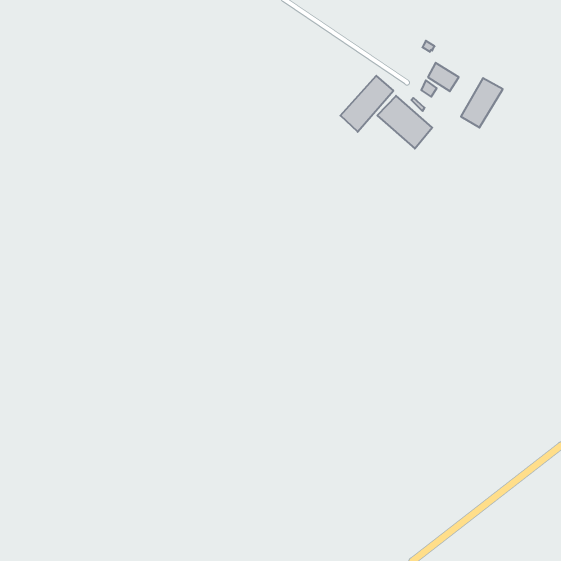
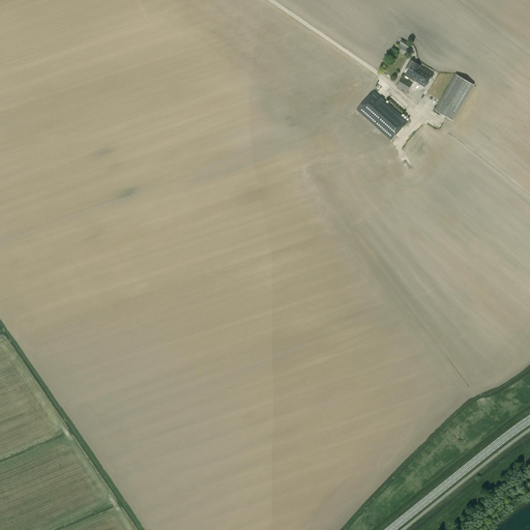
building: [340,76,393,132] -> none

